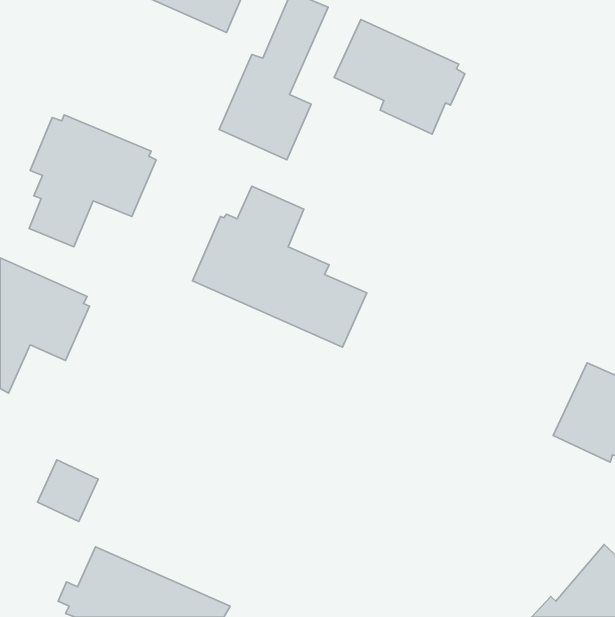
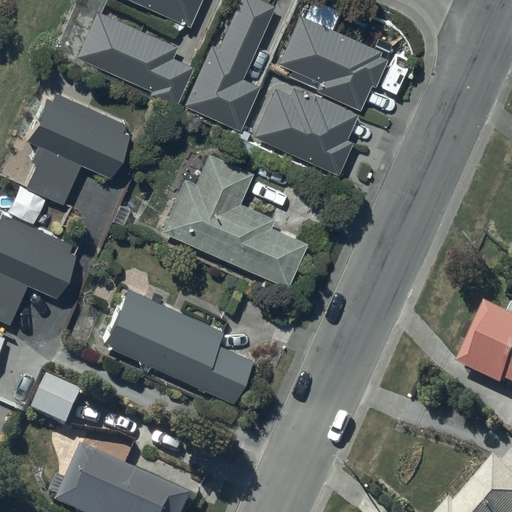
building: none -> [77,11,194,108]
building: none -> [253,88,358,174]
building: none -> [103,289,247,401]

